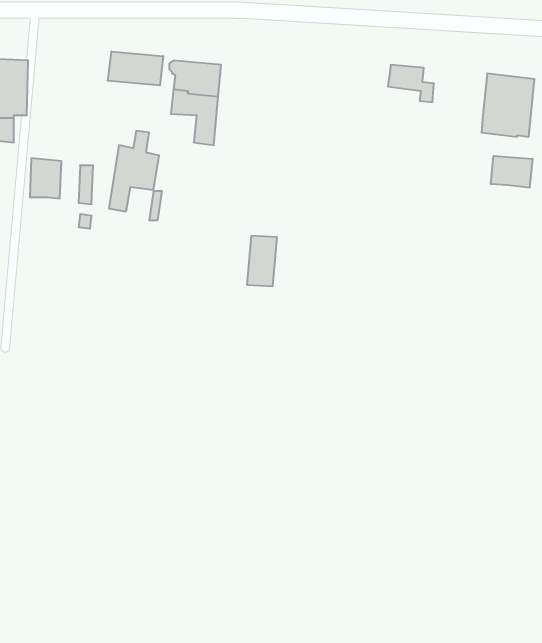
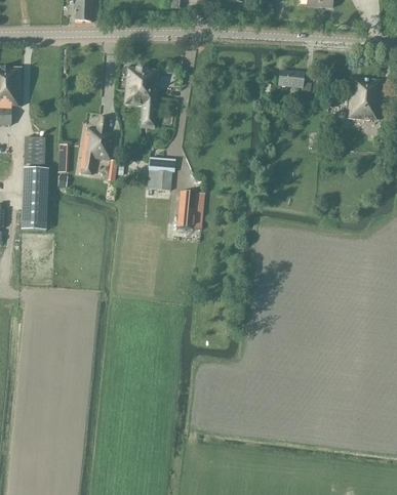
building: [108,51,163,85] -> none
building: [491,156,533,188] -> none
building: none -> [147,158,175,191]
building: none -> [19,167,47,230]

